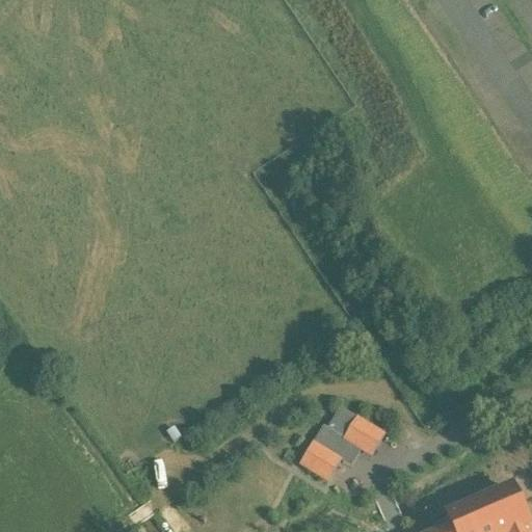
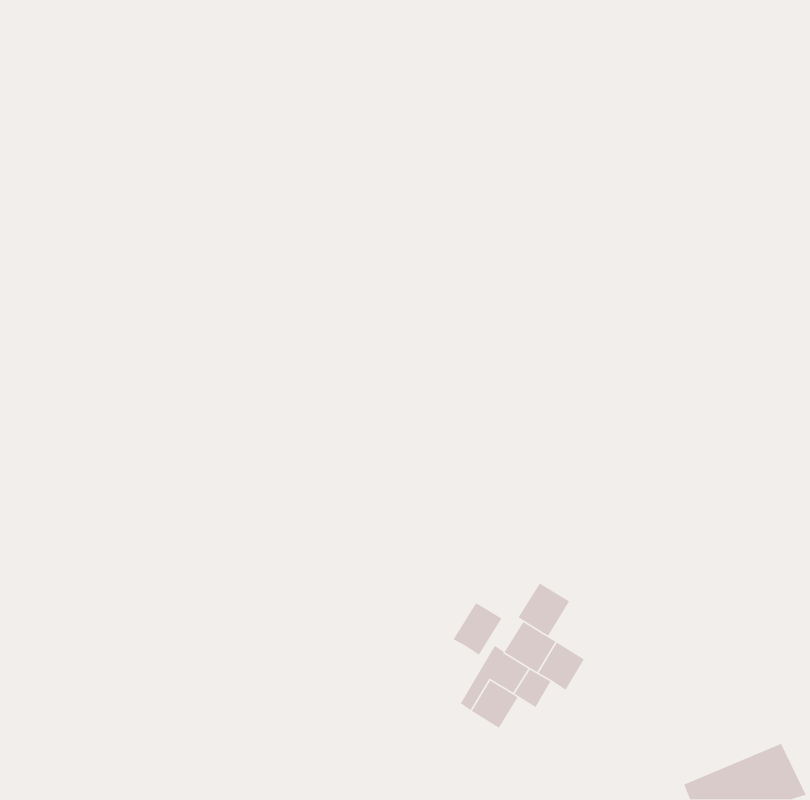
building: none -> [518,583,570,636]
building: none -> [452,602,503,656]

